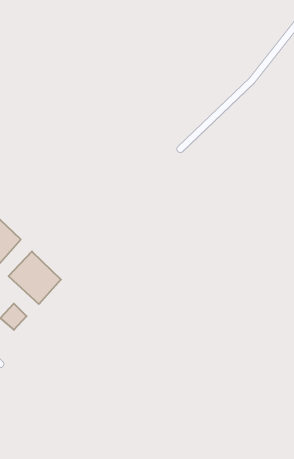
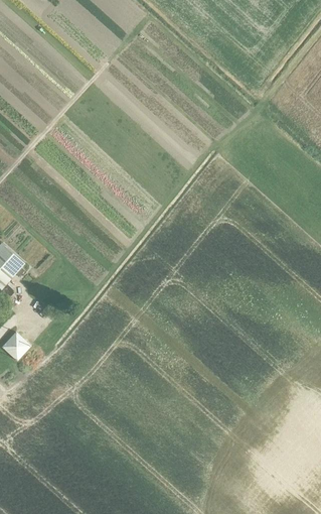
building: [9,251,61,304] -> none

